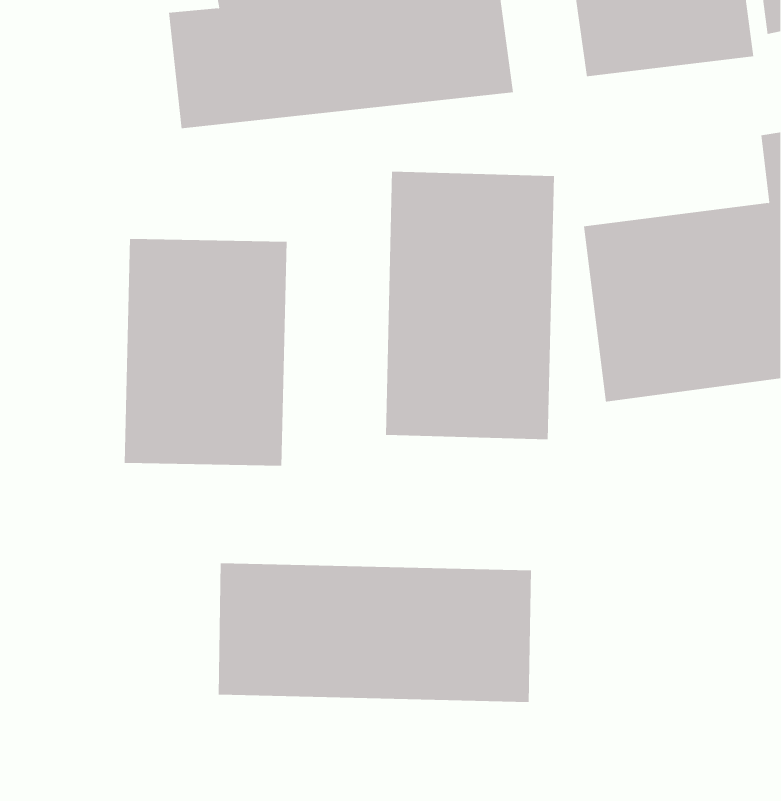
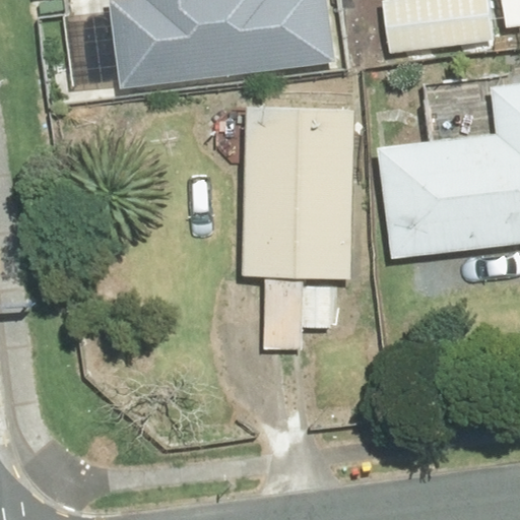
building: [124,238,287,467] -> none
building: [218,562,531,703] -> none

